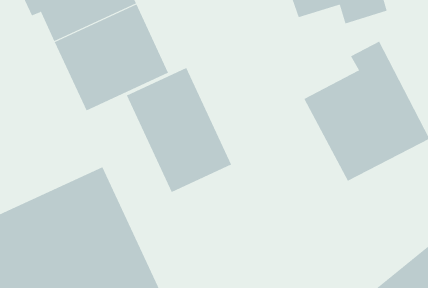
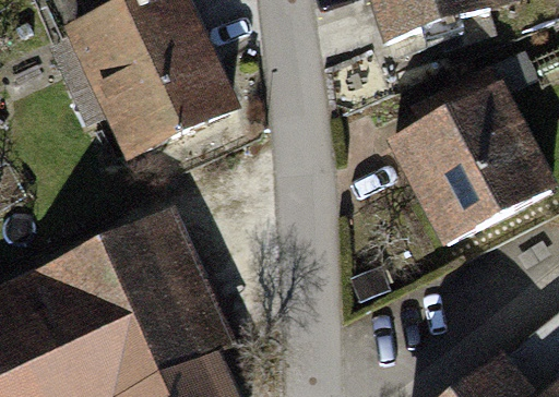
building: [126,67,232,193] -> none

